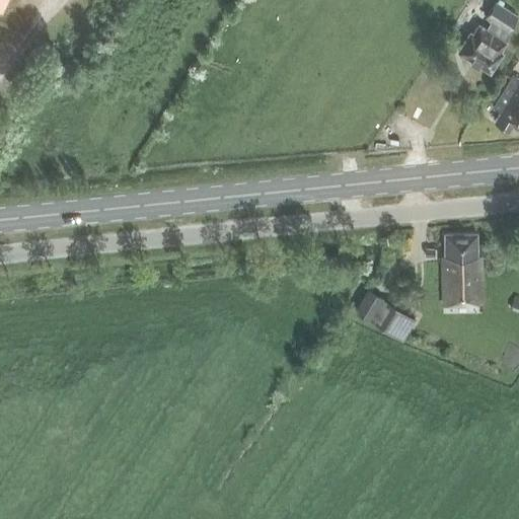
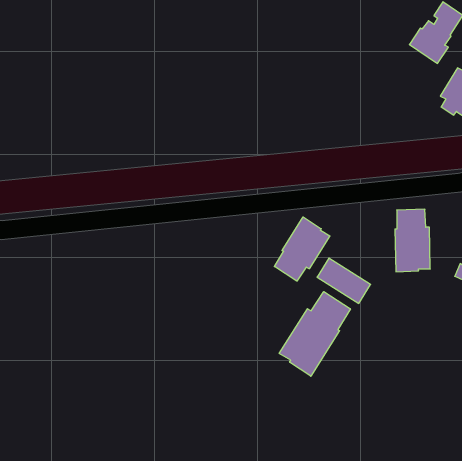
building: none -> [274,217,330,281]
building: none -> [279,292,350,376]

